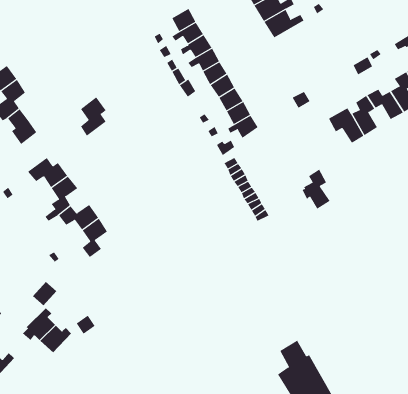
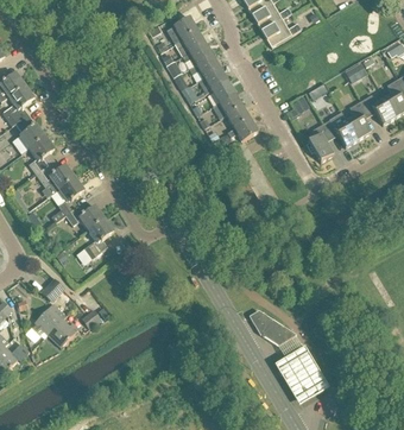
building: [80,97,106,136] -> [30,135,55,173]
building: [302,169,331,210] -> [307,122,334,162]
building: none -> [248,310,295,344]

